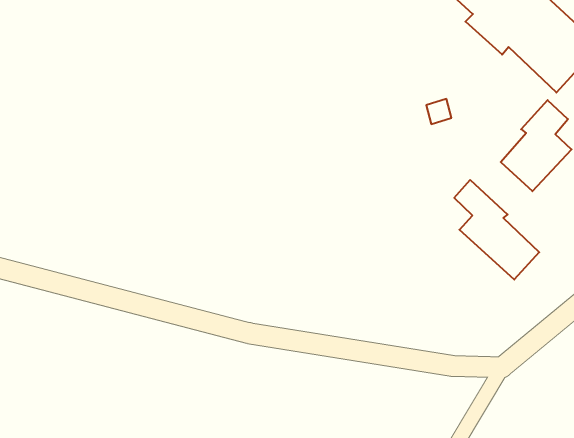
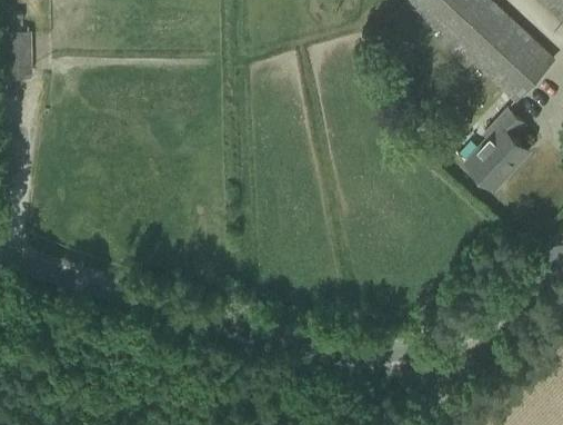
building: [454,180,539,280] -> none

